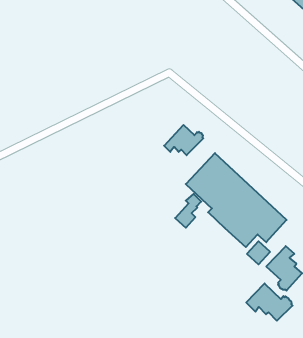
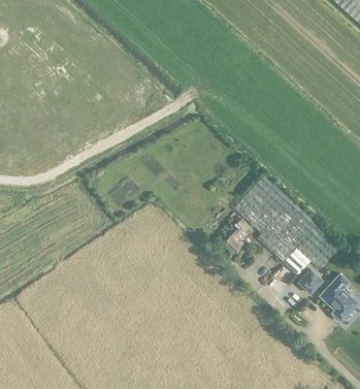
building: [164,125,203,155] -> none
building: [246,283,293,321] -> none

